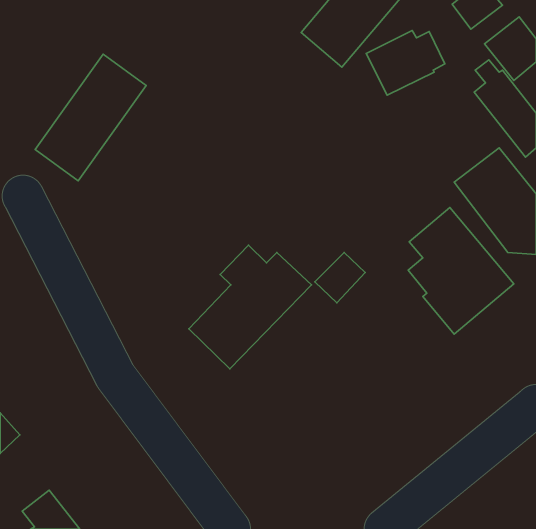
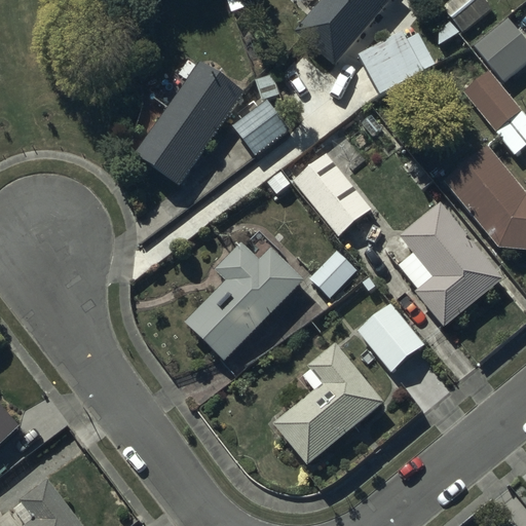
building: [35,54,146,181] -> [135,60,243,184]
building: none -> [234,98,290,153]
building: none -> [293,153,371,234]
building: none -> [356,301,425,372]
building: none -> [274,343,384,464]

